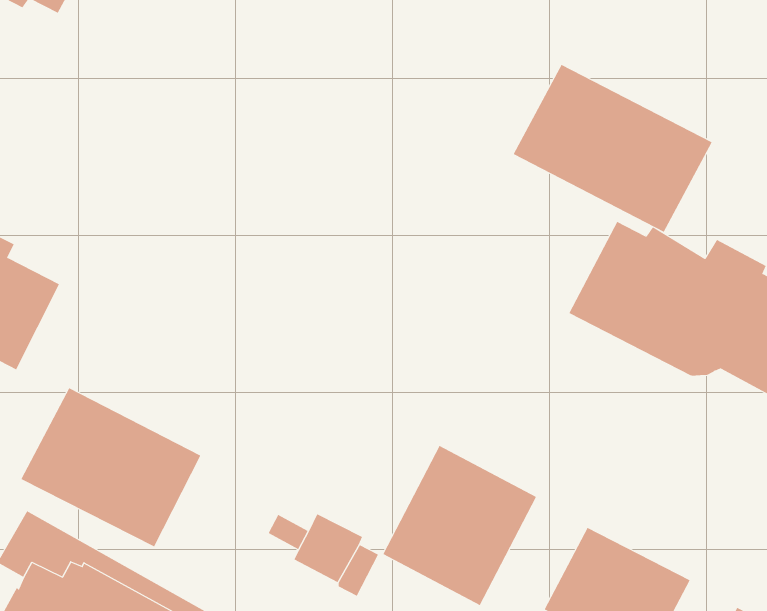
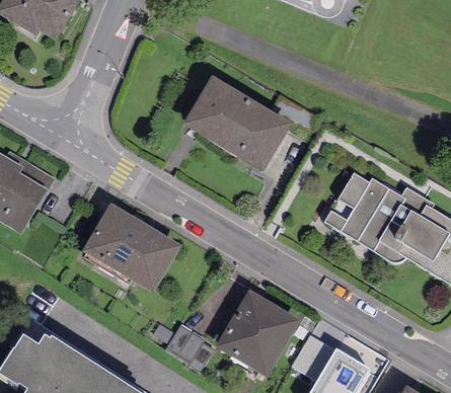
building: [513,64,713,232] -> [181,77,291,172]
building: [20,387,201,547] -> [81,202,180,292]

